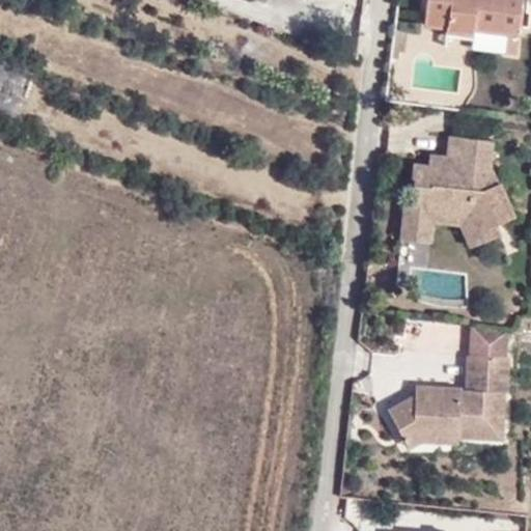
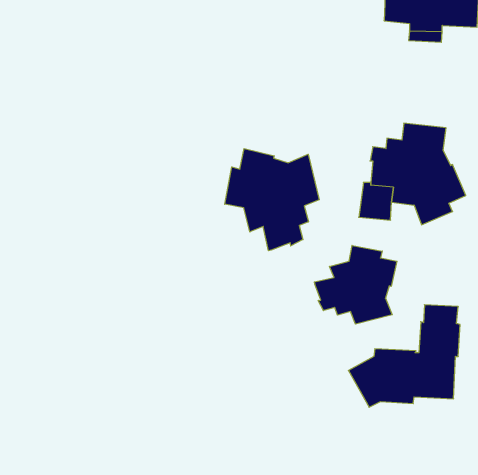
building: none -> [225,149,319,251]
building: none -> [314,245,397,324]

